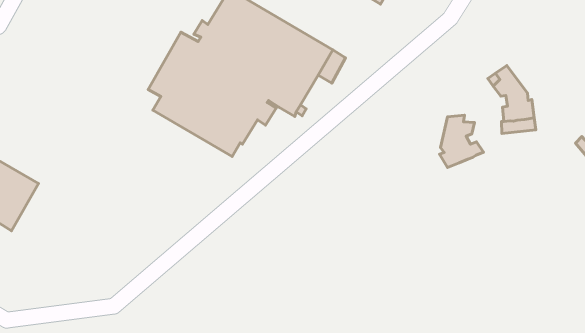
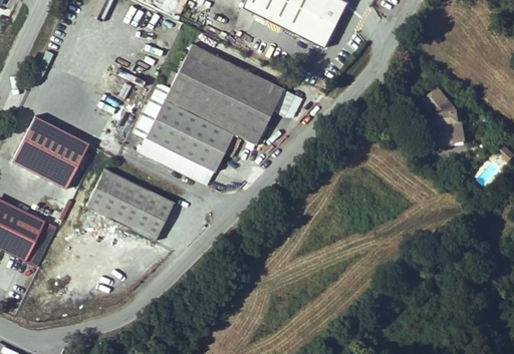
building: none -> [19,116,87,181]
building: [439,115,484,168] -> none
building: none -> [85,170,173,243]

